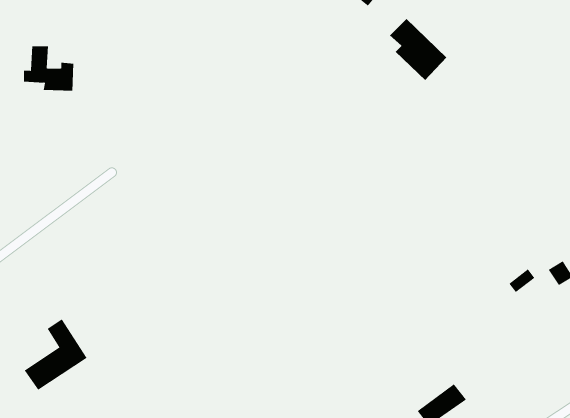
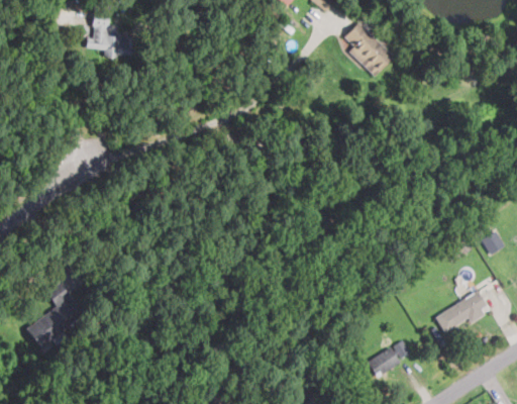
building: [23,46,74,91] -> [87,16,131,56]
building: none -> [435,291,489,333]

